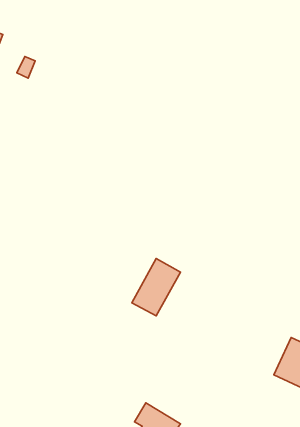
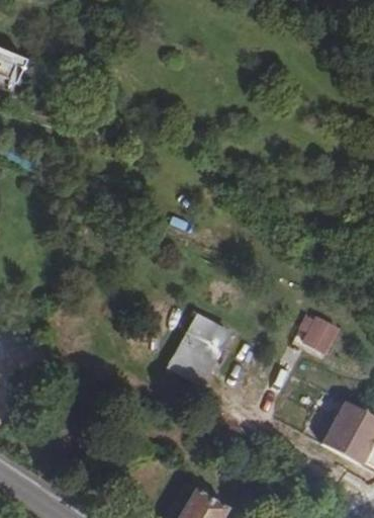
building: none -> [301,316,339,355]

